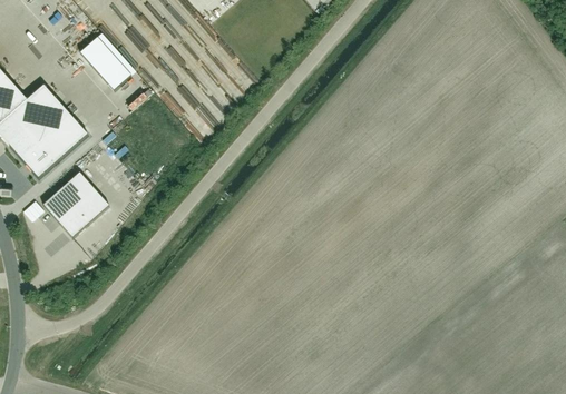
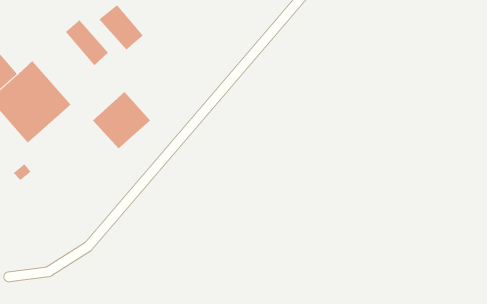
building: none -> [99,4,144,51]
building: [42,171,109,237] -> [92,91,151,149]

